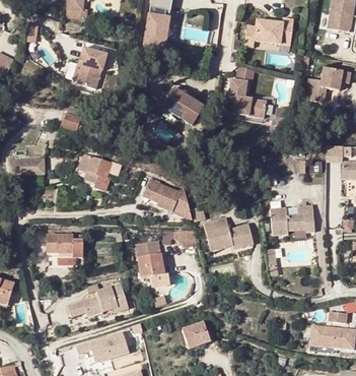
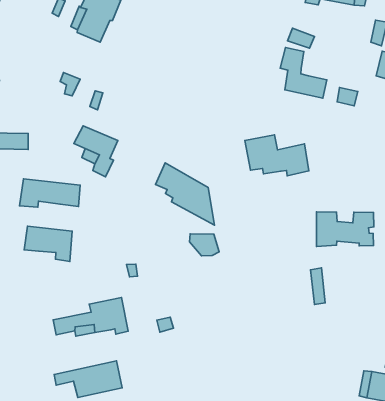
building: [163,92,203,127] -> none
building: none -> [19,179,80,207]
building: [202,216,253,247] -> [245,135,309,176]
building: [136,240,169,287] -> none
building: [182,321,209,349] -> none

